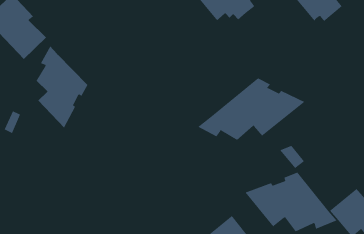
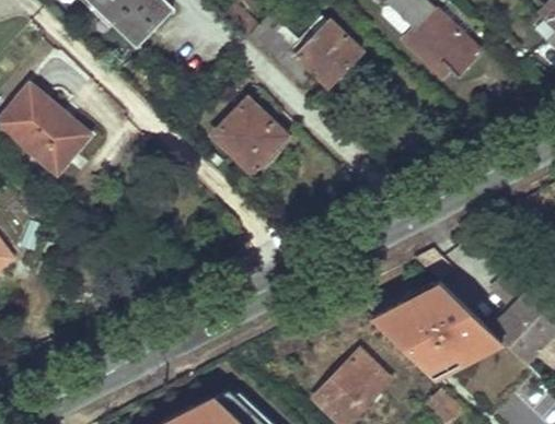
building: none -> [213,97,287,165]
building: [36,45,88,129] -> none
building: [197,78,305,141] -> none

